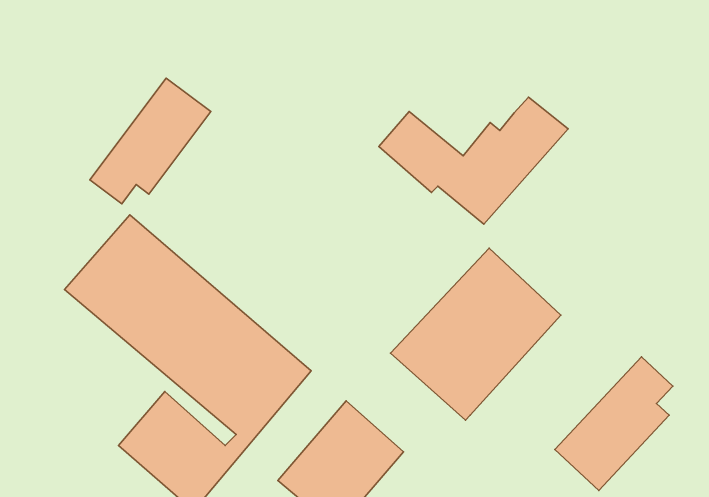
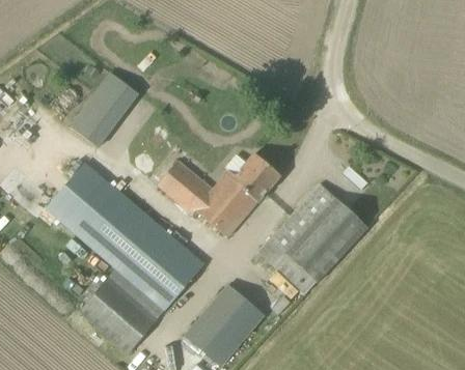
building: [379,97,568,224] -> [157,153,280,236]
building: [555,357,673,490] -> none

